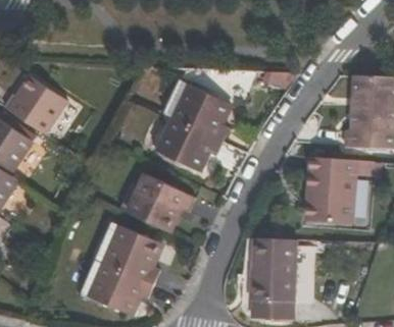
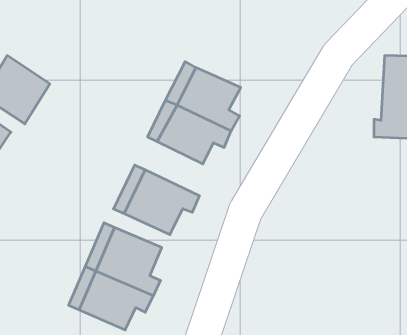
building: [306,157,358,225] -> none
building: [251,239,297,303] -> none

